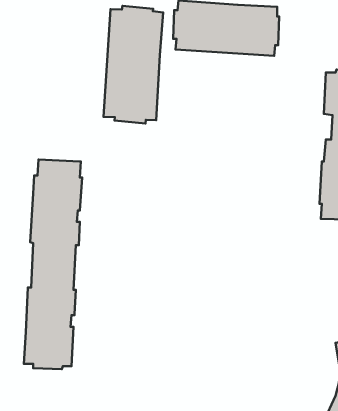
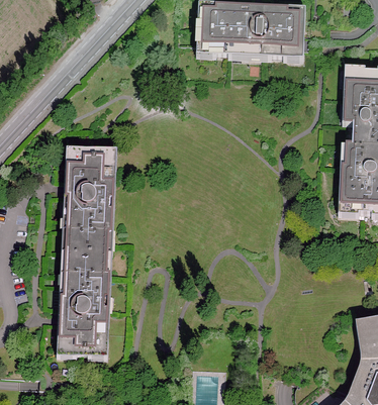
building: [103,6,163,123] -> none

